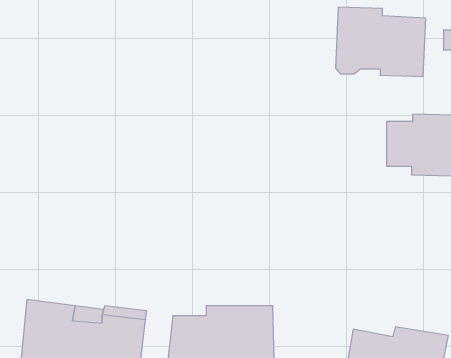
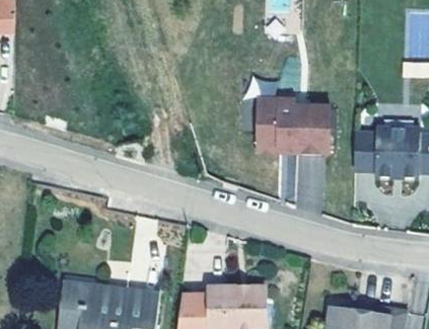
building: [336,7,426,76] -> [258,98,332,155]

